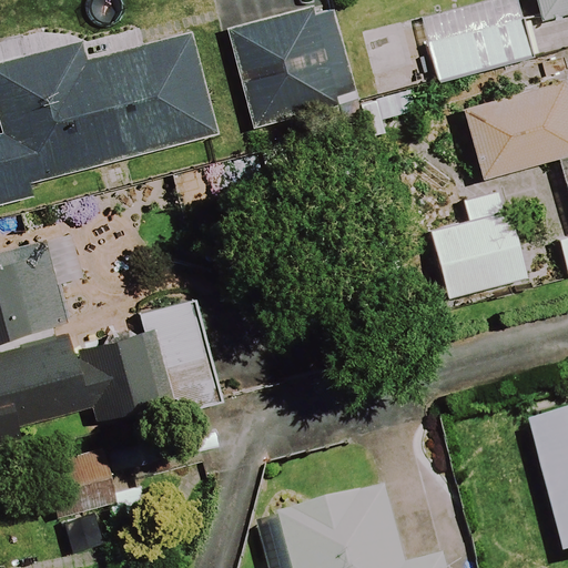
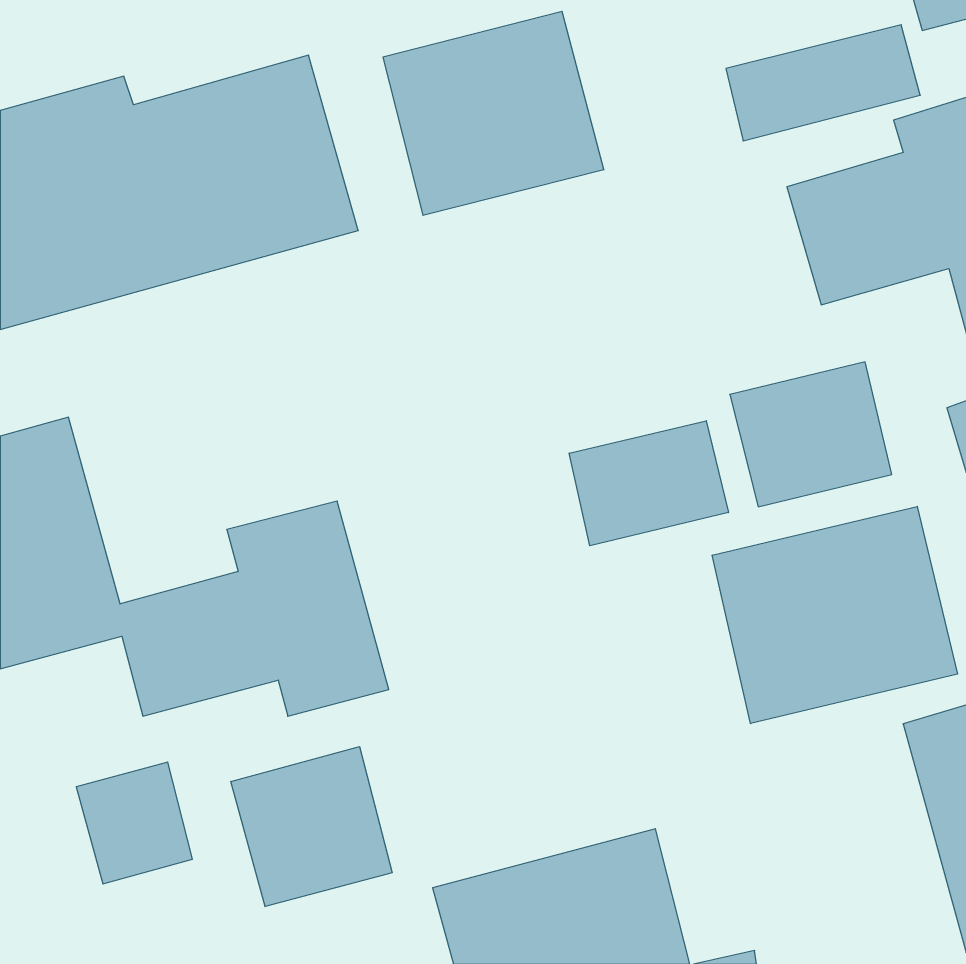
building: none -> [569,421,728,546]
building: none -> [712,506,957,724]
building: none -> [231,747,392,907]

